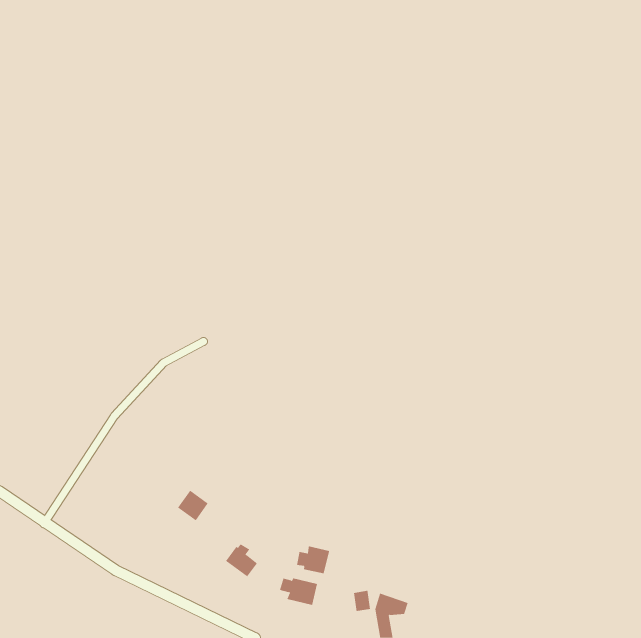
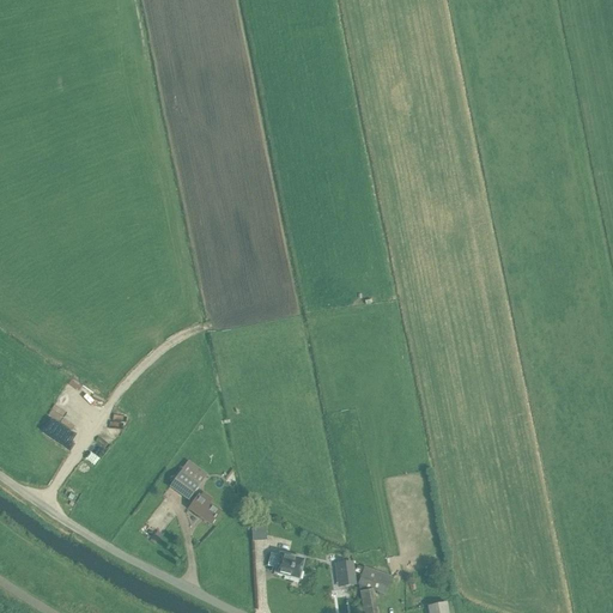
building: [225,543,258,577] -> [188,488,219,521]
building: [296,545,330,574] -> none

